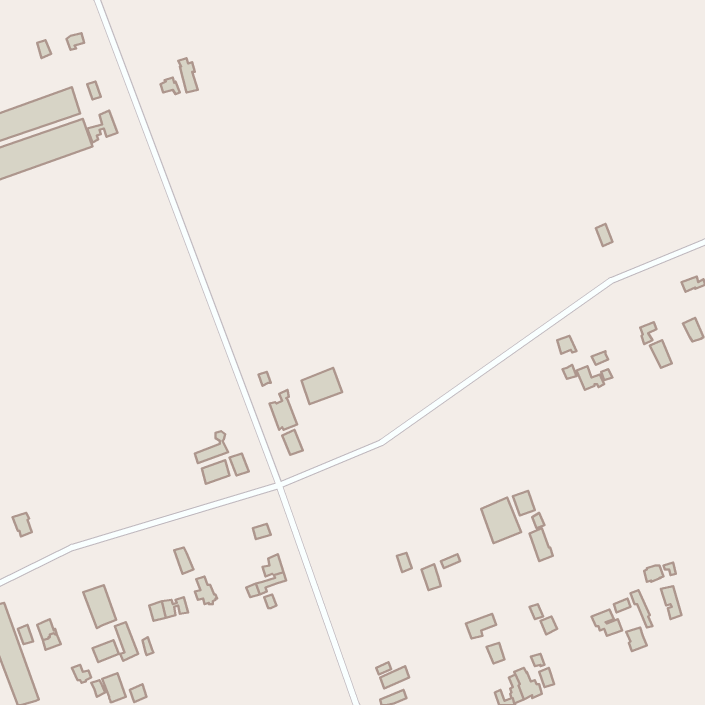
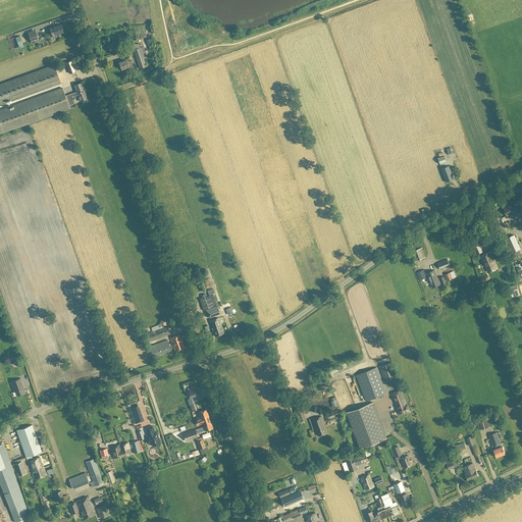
building: [301,368,342,404] -> none
building: none -> [344,402,385,449]
building: [83,585,116,628] -> [15,425,40,457]

